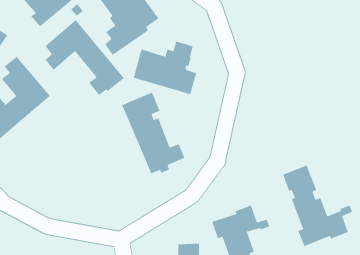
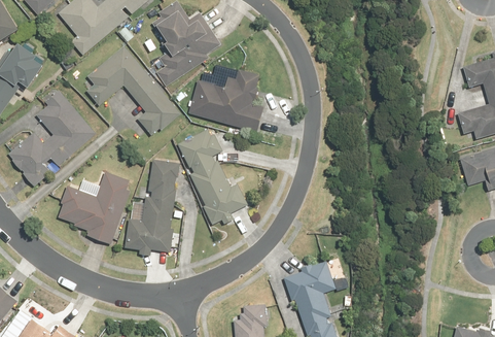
building: none -> [125,160,179,256]
building: none -> [58,174,131,246]
building: [282,164,353,247] -> none

